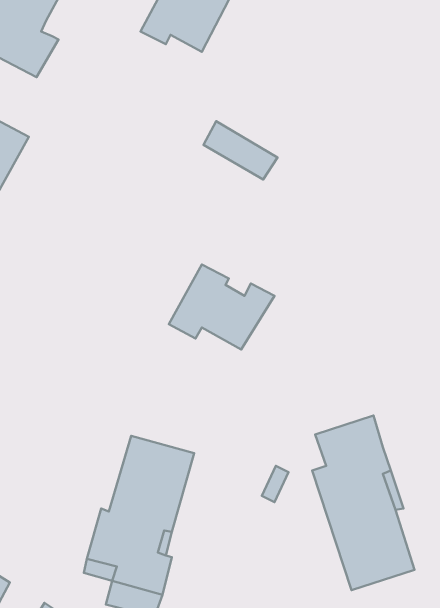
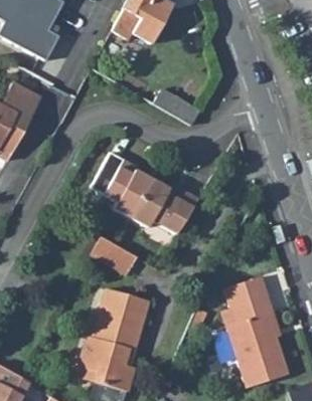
building: none -> [91,152,152,218]
building: none -> [92,235,138,274]

